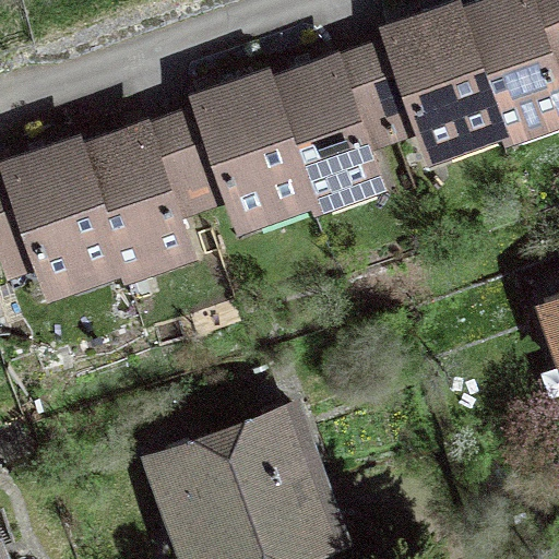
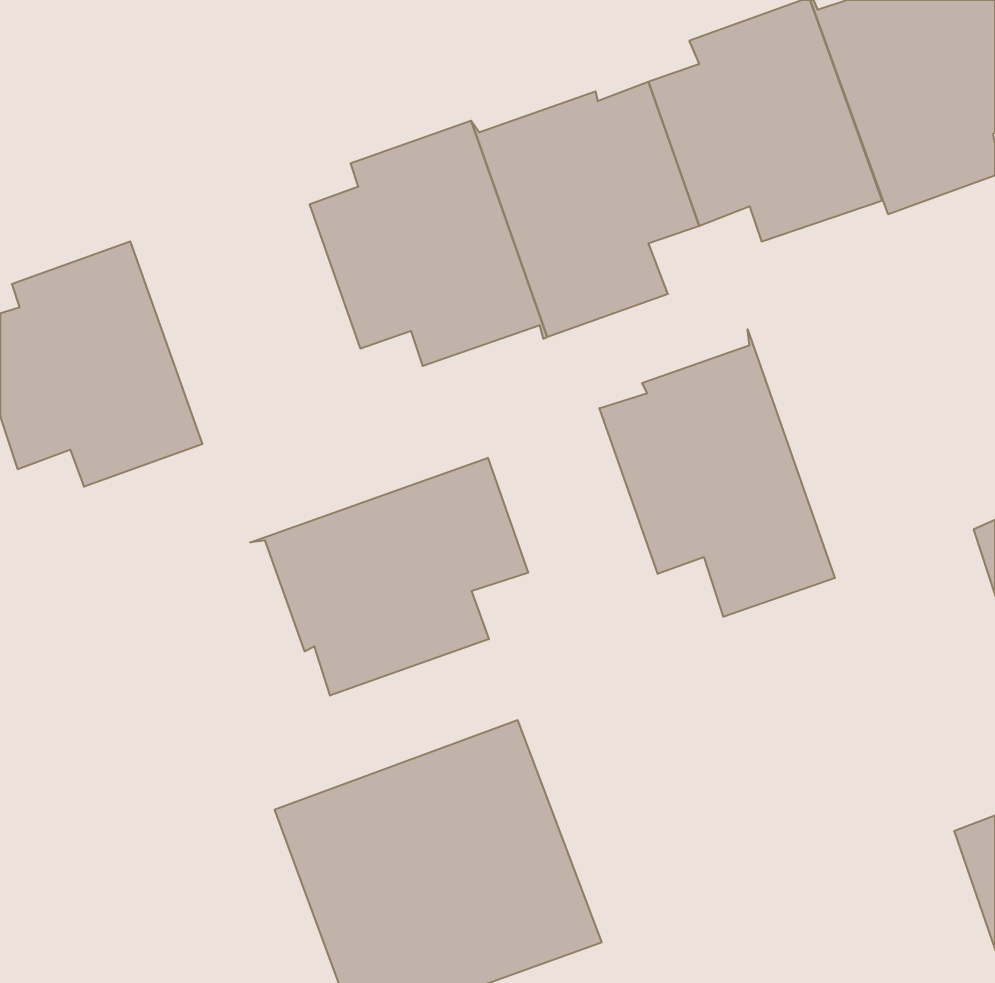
building: [76,121,202,264] -> none
building: none -> [599,329,835,617]
building: none -> [250,458,528,696]

